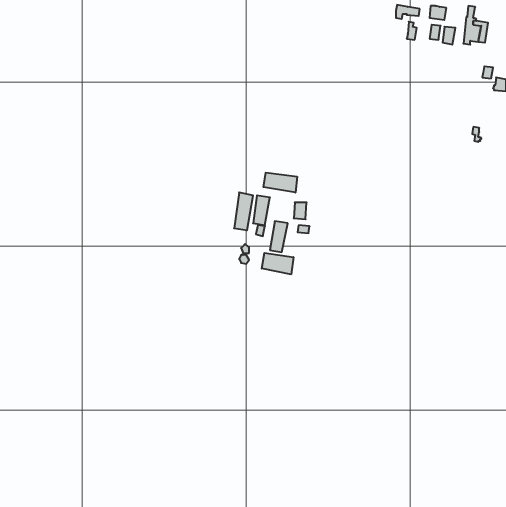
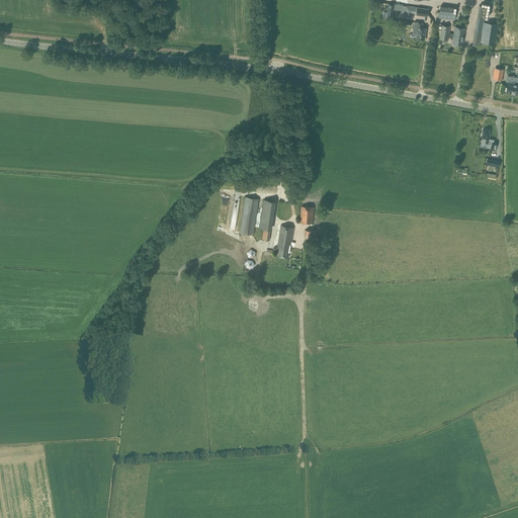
building: [263,173,297,193] -> none
building: [262,253,293,274] -> none

